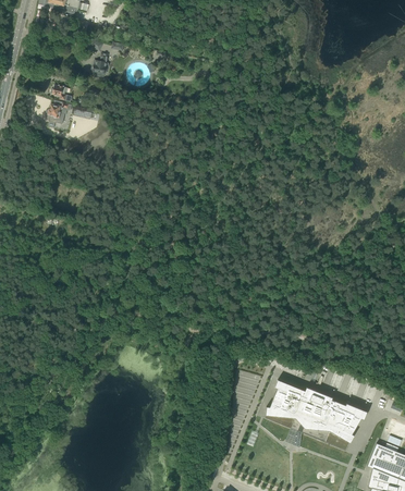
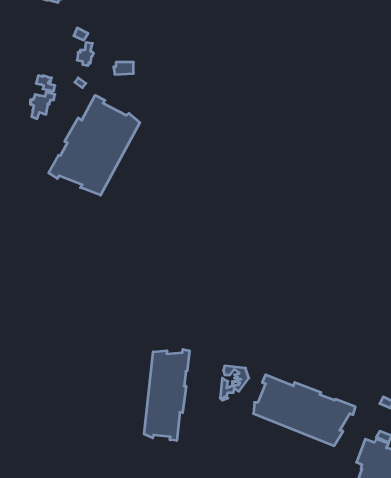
building: none -> [49,95,140,195]
building: none -> [144,349,189,441]

